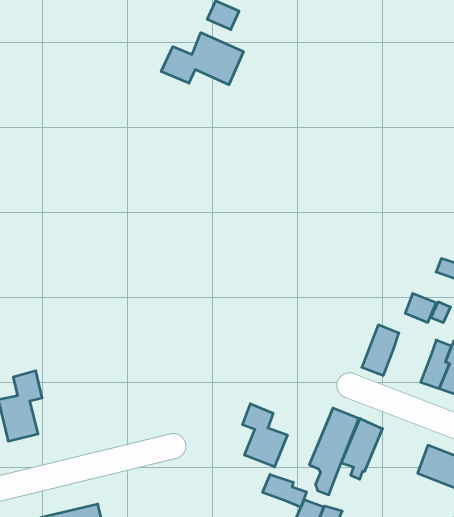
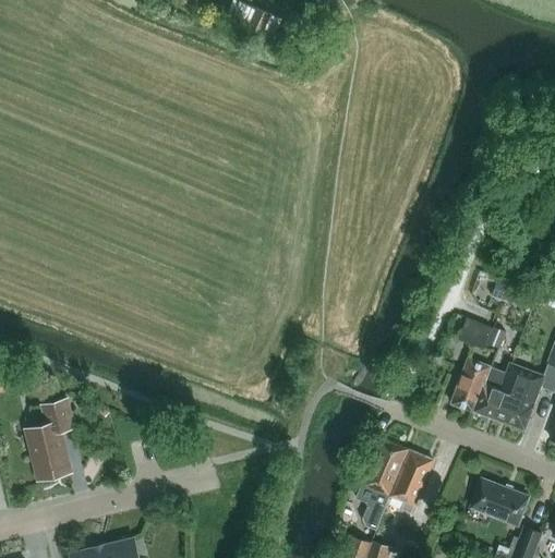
building: [161,33,243,85] -> none
building: [362,325,399,375] -> [450,357,490,411]
building: [243,404,287,467] -> none
building: [263,474,306,507] -> none

